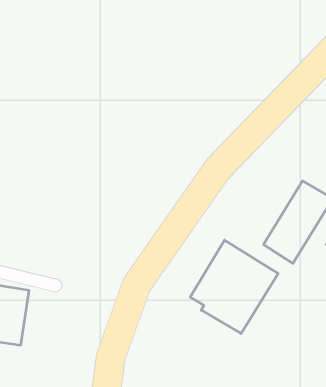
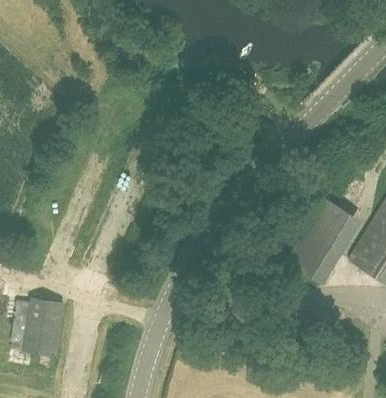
building: [190,240,278,334] -> none

